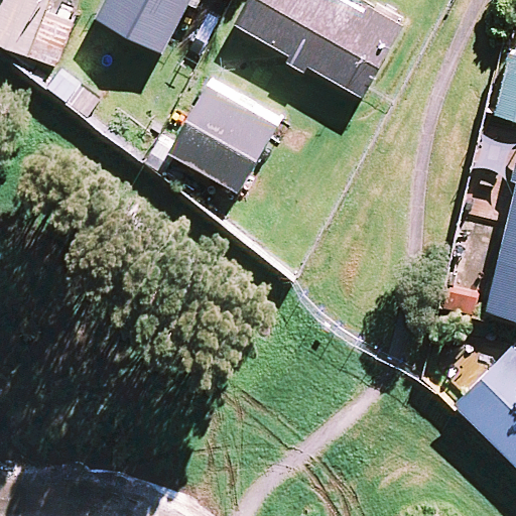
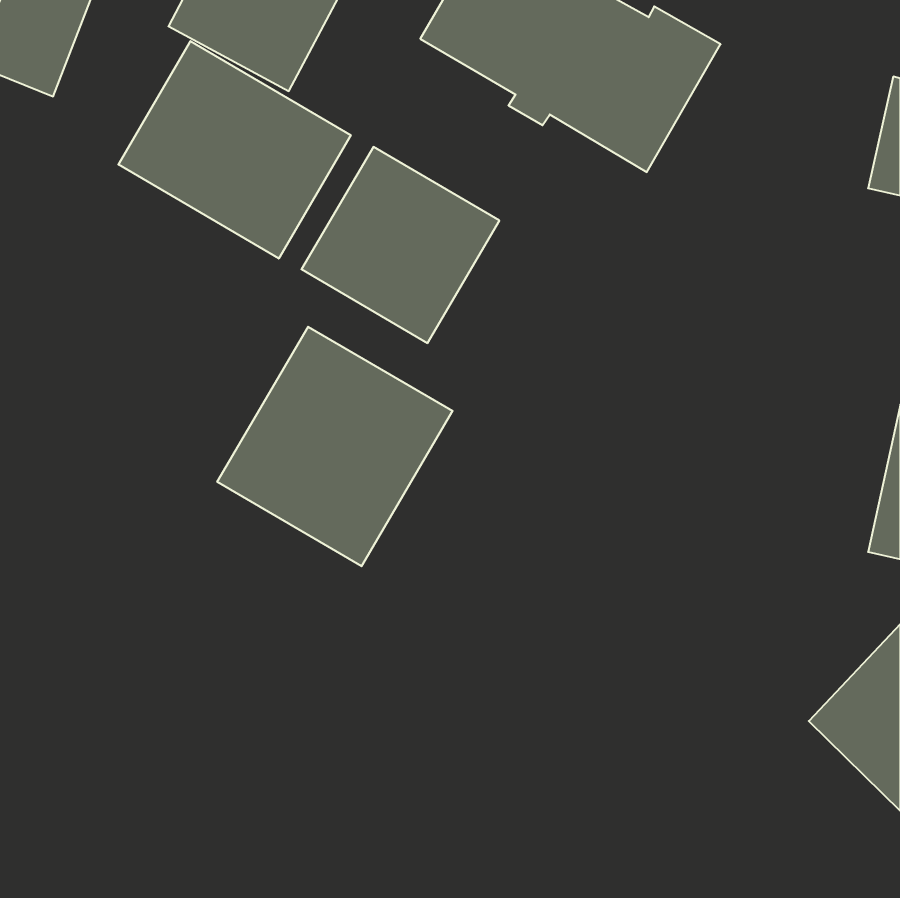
building: none -> [118,41,351,259]
building: none -> [217,327,453,566]

